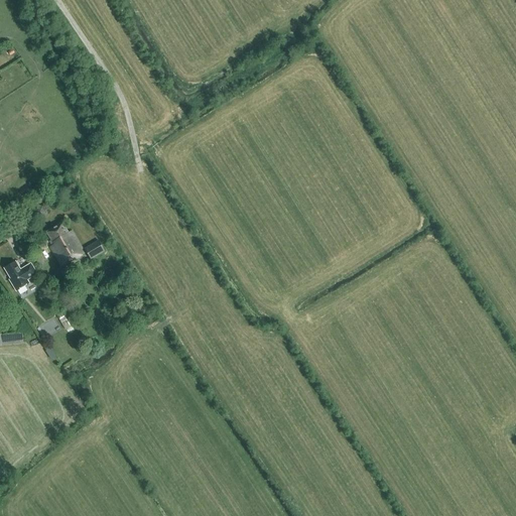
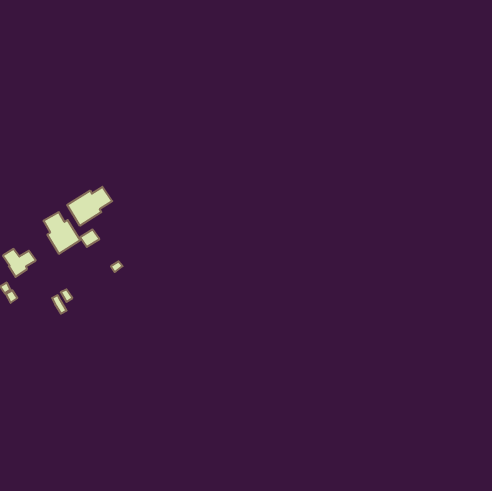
building: none -> [67,187,112,226]

